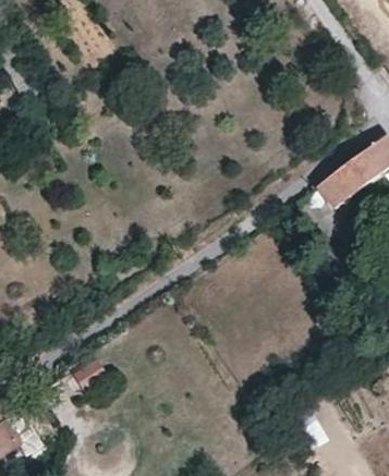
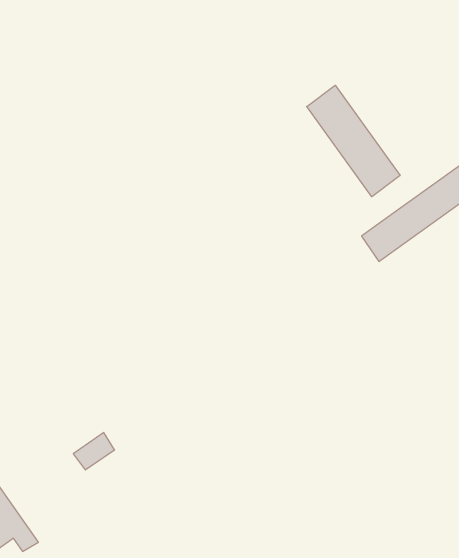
building: none -> [307,85,400,197]

